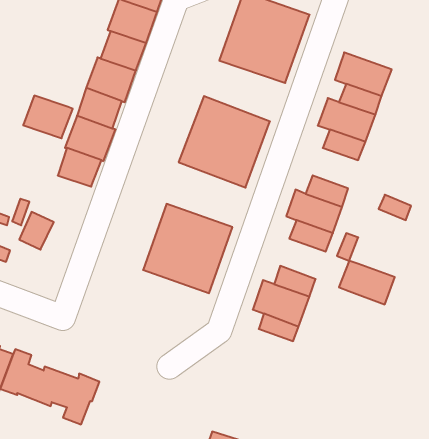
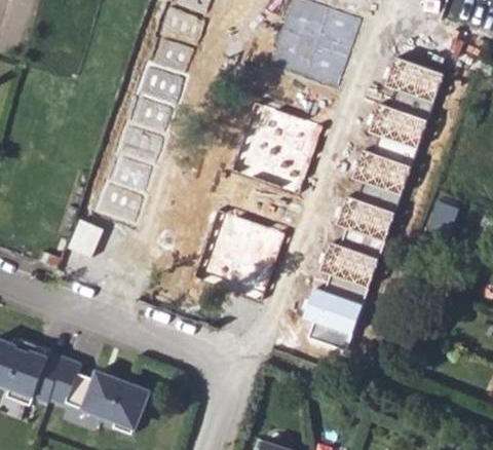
building: [23,96,73,138] -> [96,181,146,224]
building: none -> [353,149,411,194]
building: [339,261,395,304] -> [321,241,378,286]

